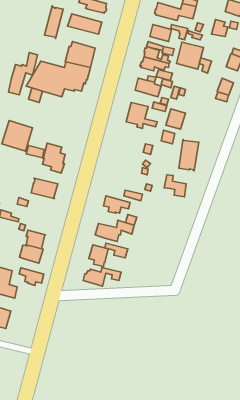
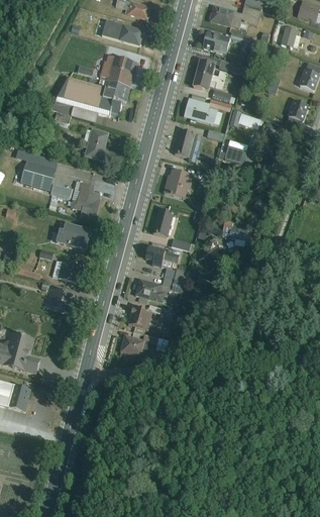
building: [45,6,63,38] -> none
building: [176,42,203,69] -> none
building: [9,52,38,95] -> none
building: none -> [82,128,111,162]
building: none -> [164,169,193,198]
building: [179,139,199,171] -> none
building: none -> [152,208,174,236]
building: [19,245,43,263] -> [51,260,81,282]
building: [19,268,44,285] -> none

